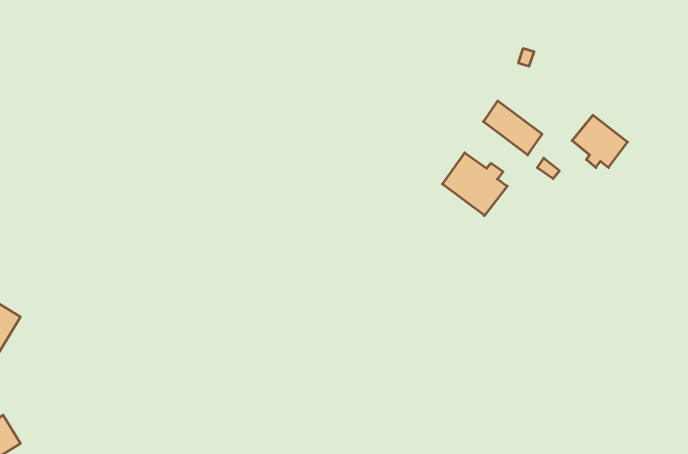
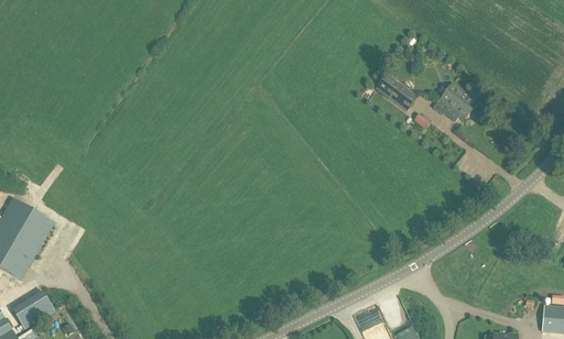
building: [442,153,507,216] -> none

